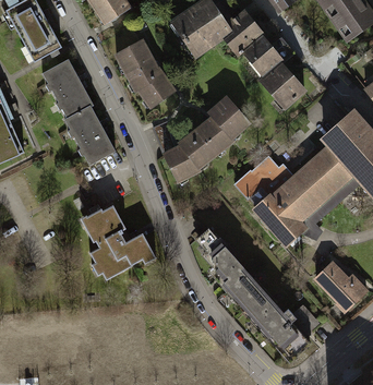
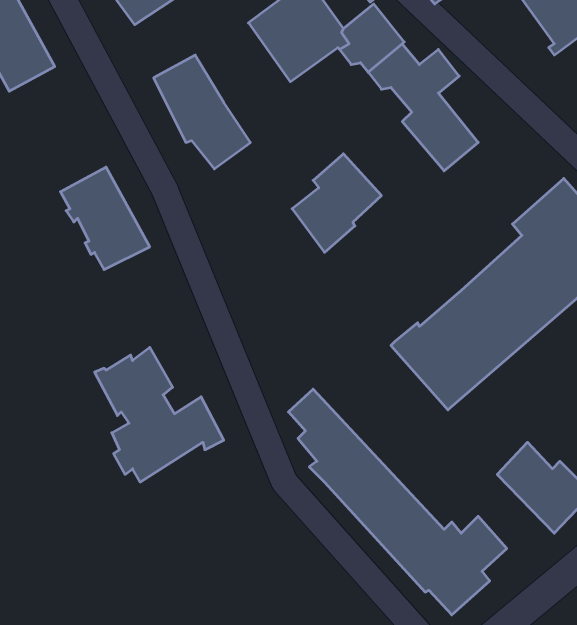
building: [41,58,92,118] -> none
building: [164,129,215,180] -> none
building: [232,155,293,205] -> none

